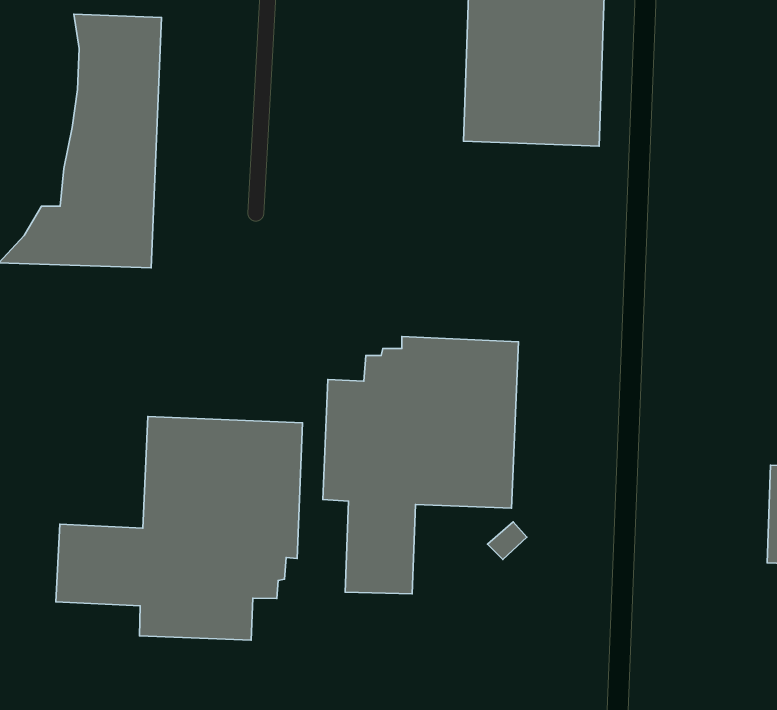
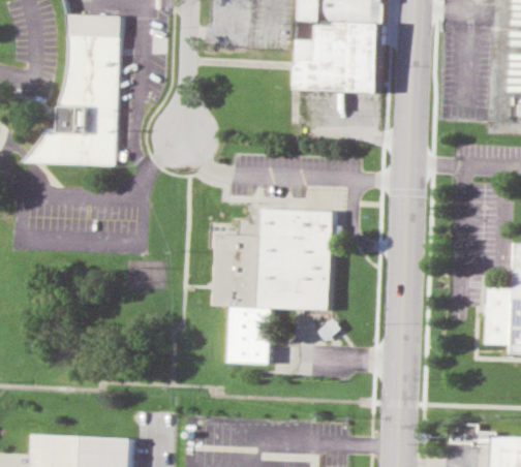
building: [56,416,303,640] -> none

